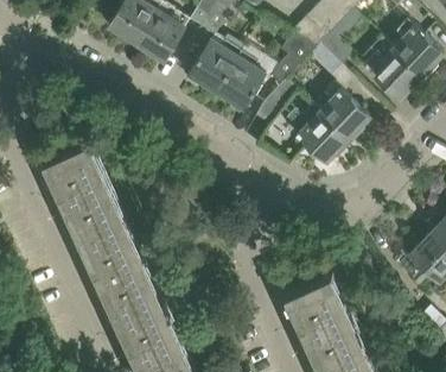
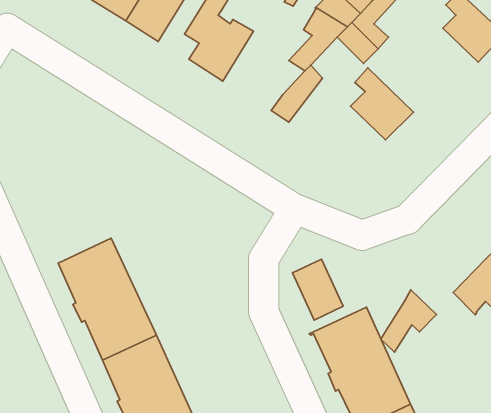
building: [359,37,421,99] -> none
building: [215,51,265,108] -> none
building: [283,105,346,160] -> none
building: [43,141,125,239] -> none
building: none -> [292,259,343,320]
building: none -> [381,290,437,352]

